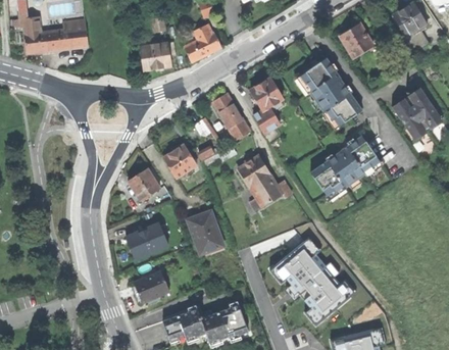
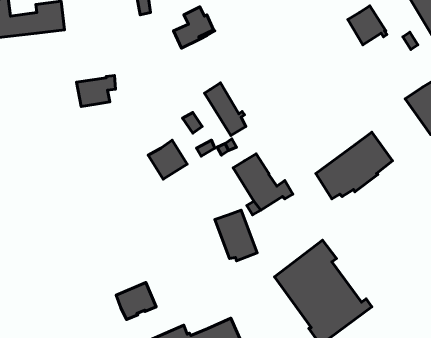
building: [141,41,176,68] -> [76,75,115,106]
building: [300,59,360,127] -> none
building: [250,79,290,143] -> none
building: [128,167,159,200] -> none
building: [187,210,225,255] -> [215,210,257,261]
building: [130,223,163,257] -> none

